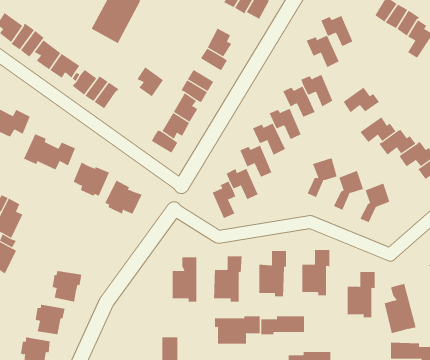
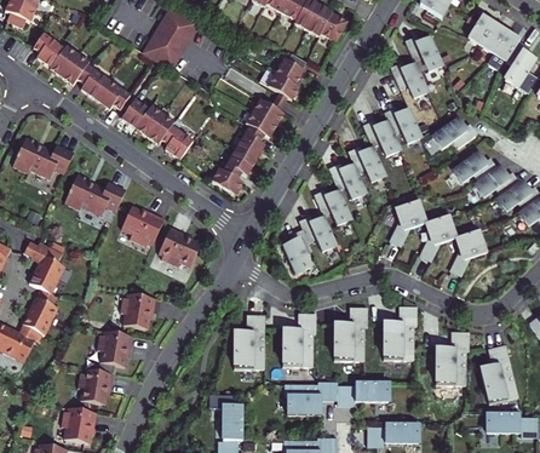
building: [136,66,164,97] -> [161,125,193,160]
building: none -> [120,292,155,332]

